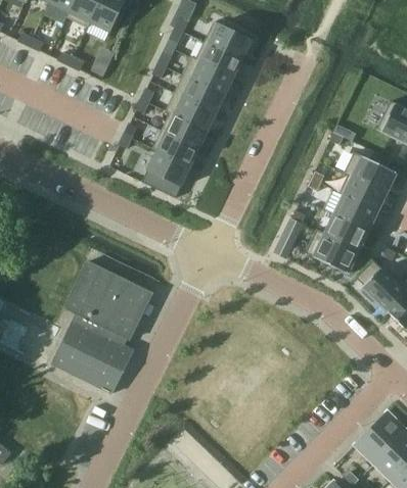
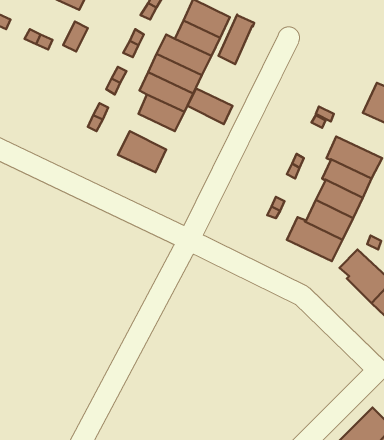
building: none -> [218,15,254,64]
building: [156,132,199,165] -> [187,89,233,124]
building: [51,260,153,393] -> none

